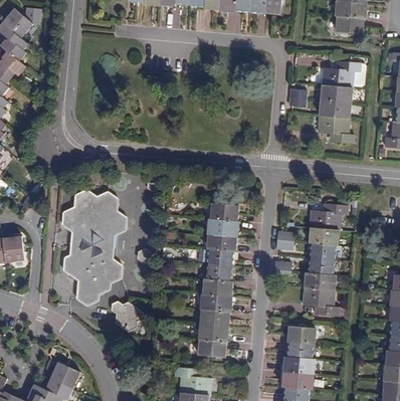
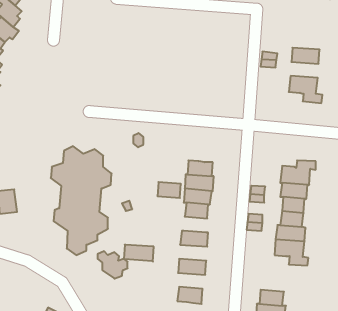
building: [321,59,358,85] -> none
building: [319,98,349,116] -> none
building: [204,264,229,281] -> [157,182,181,198]
building: [198,294,230,313] -> [124,245,154,262]
building: [197,325,227,343] -> none
building: [285,327,314,345] -> none

